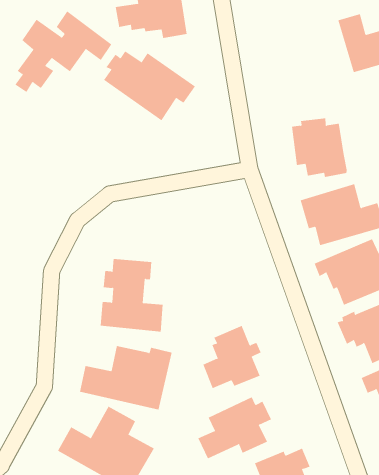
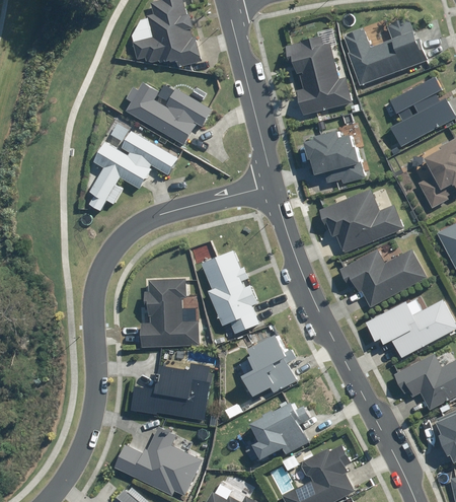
building: [15,11,112,93] -> [87,130,176,211]
building: none -> [284,35,352,115]
building: none -> [201,249,258,333]

